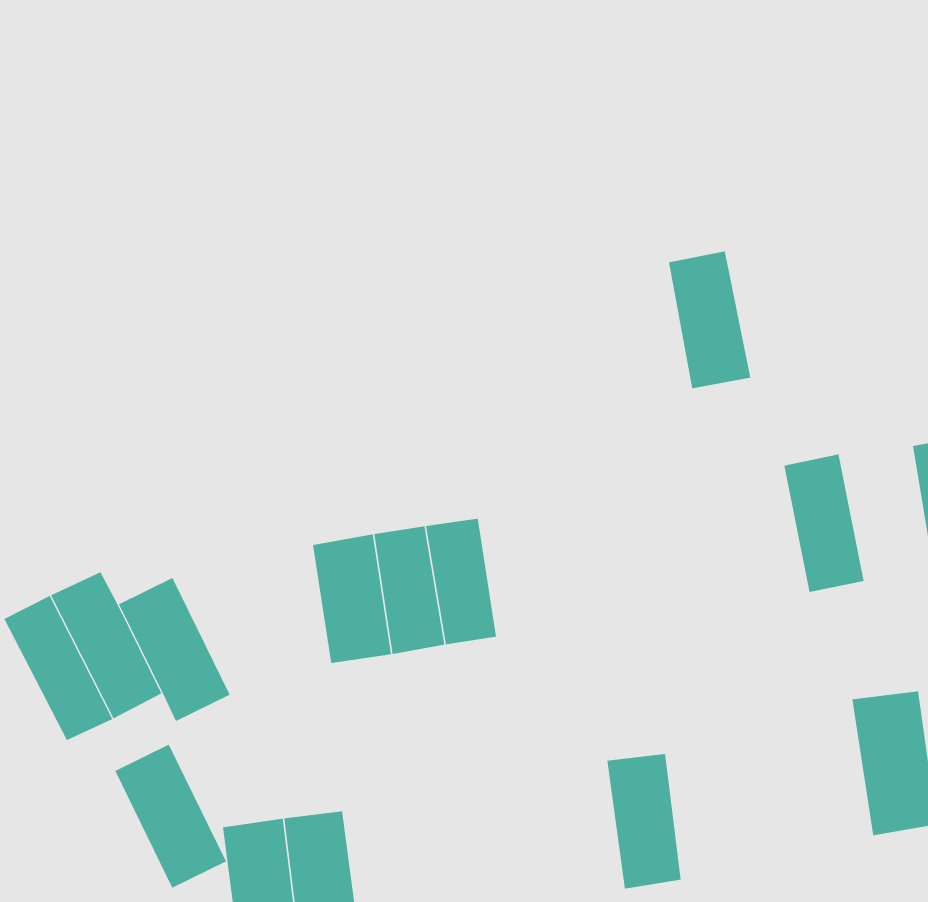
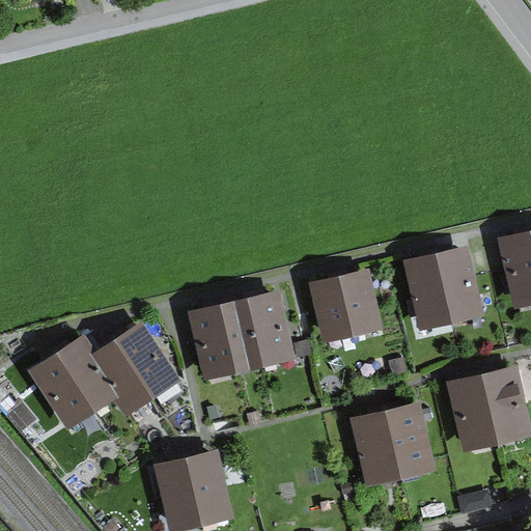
building: [668,251,751,389] -> [406,254,454,329]
building: none -> [307,269,382,342]
building: none -> [449,375,498,454]
building: [114,744,227,889] -> [116,322,179,398]
building: none -> [385,406,430,478]

